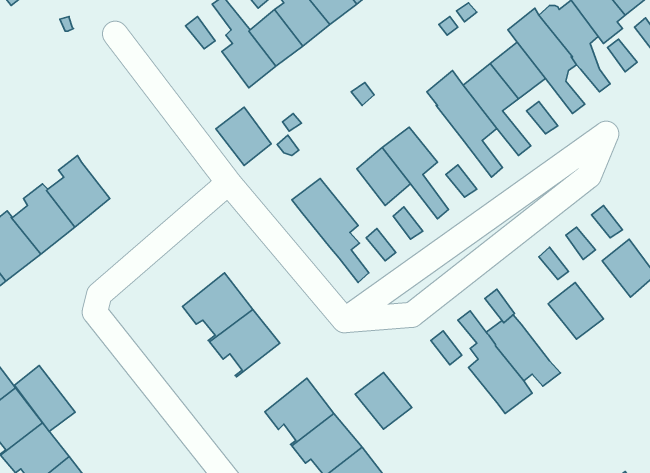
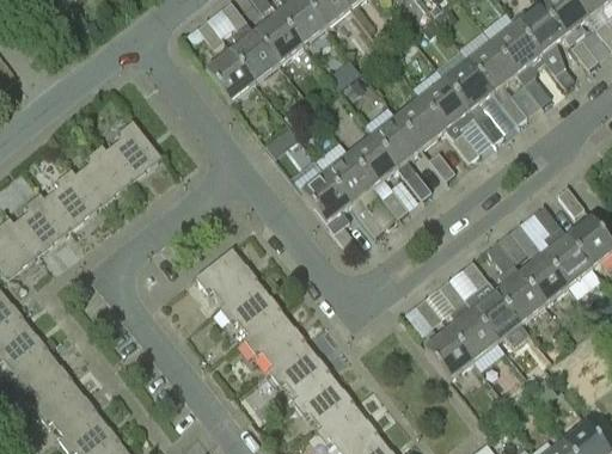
building: none -> [394,97,443,147]
building: [216,107,271,165] -> [203,49,252,100]
building: none -> [104,117,161,179]
building: none -> [324,153,373,203]
building: none -> [541,234,590,286]
building: none -> [485,241,543,323]
building: none -> [241,307,304,368]
building: [15,365,75,431] -> none
building: [355,373,412,429] -> [422,329,472,379]

